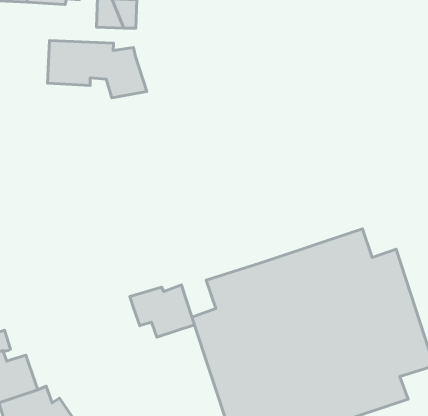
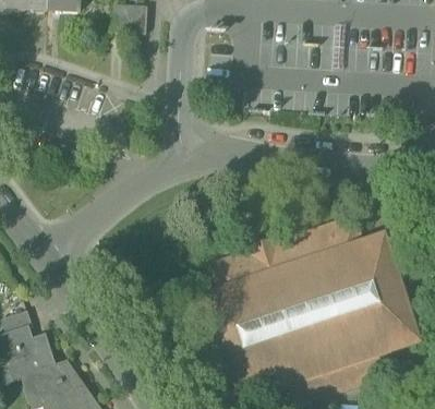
building: [47,40,147,98] -> none
building: [130,285,195,337] -> none

